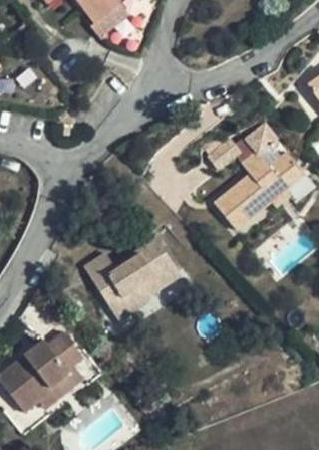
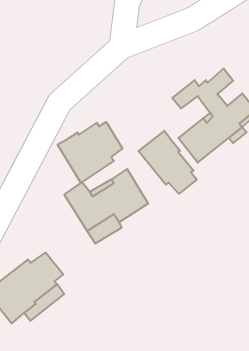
building: none -> [58,122,122,183]
building: none -> [138,131,197,194]

